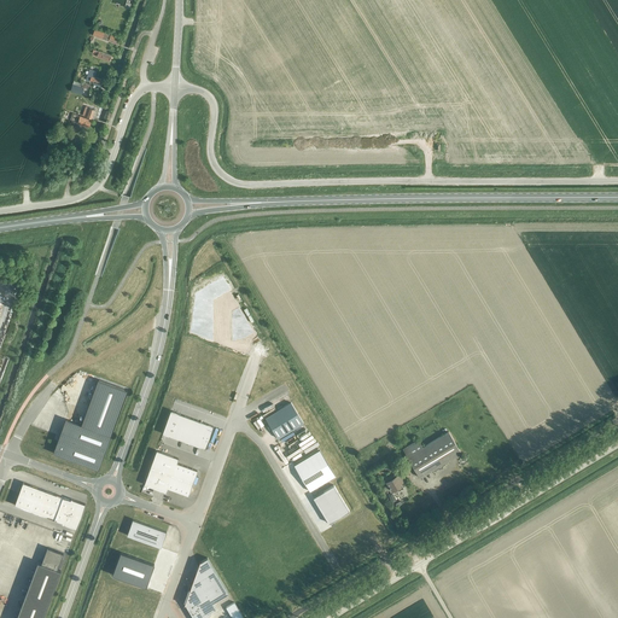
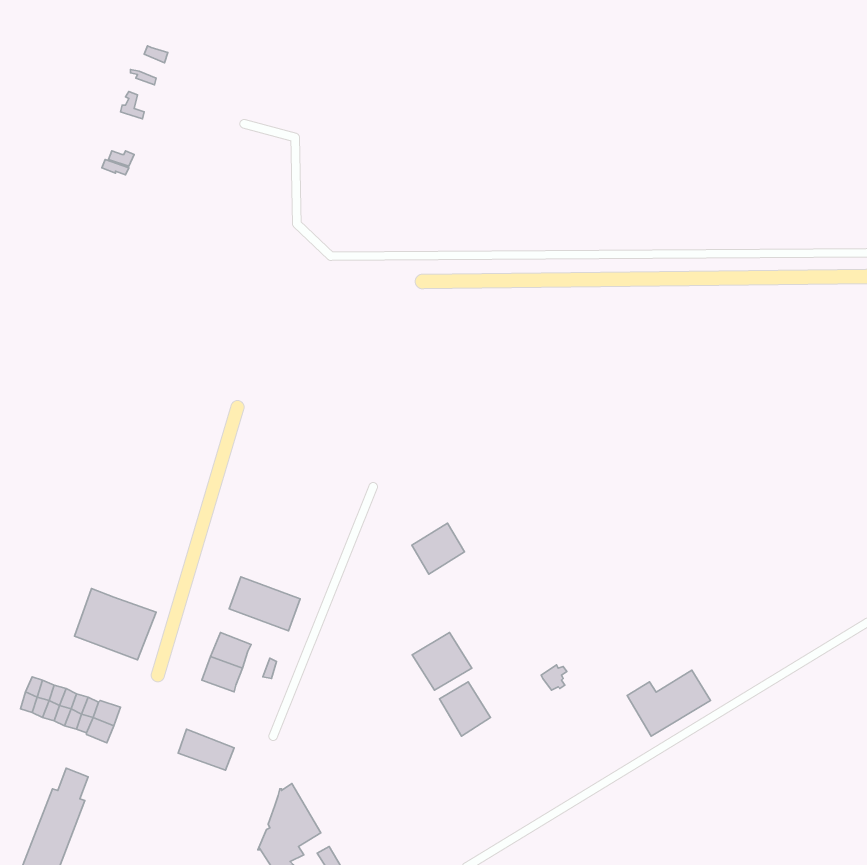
building: [81,380,128,437] -> none
building: [266,403,303,439] -> [412,523,465,574]
building: [402,432,461,479] -> [627,670,710,736]
building: [112,554,154,589] -> none

